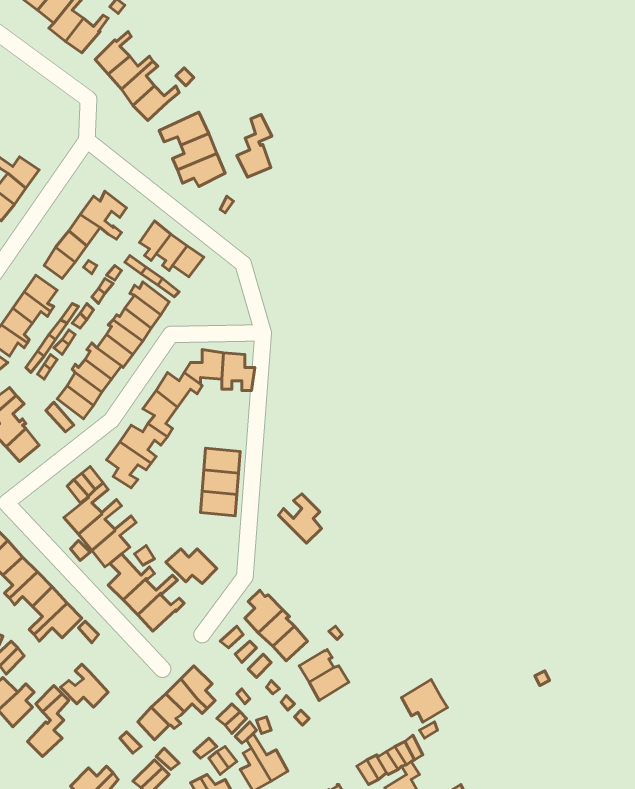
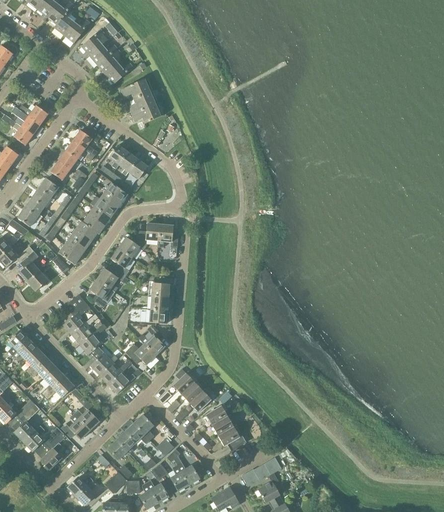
building: [237,114,272,177] -> none
building: [279,494,321,543] -> [139,325,165,355]
building: none -> [74,401,102,430]
building: [402,679,448,722] -> [218,424,246,450]

